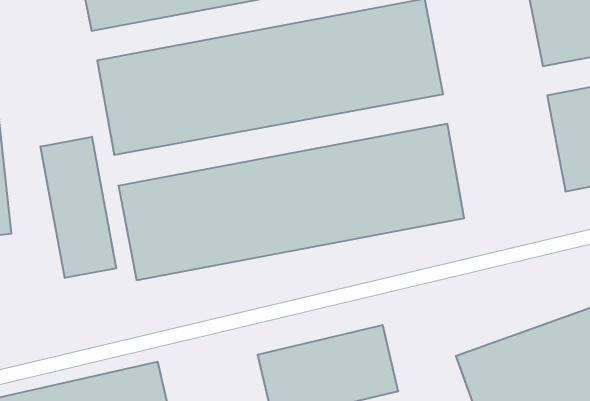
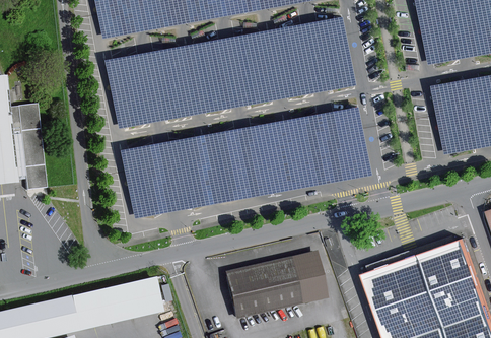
building: [41,137,116,278] -> none

